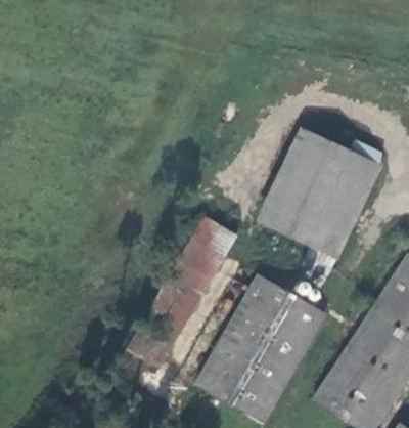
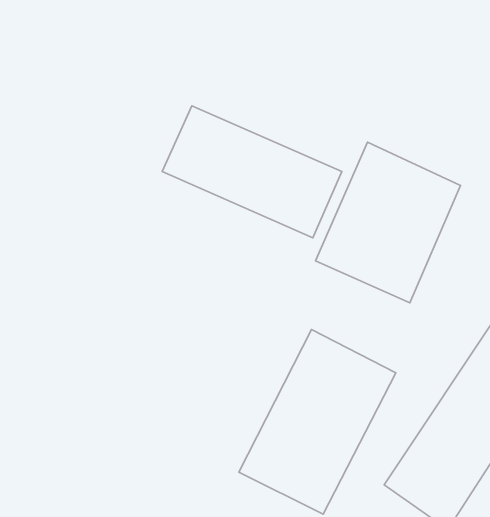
building: none -> [162,106,342,238]
building: [131,217,233,368] -> none

